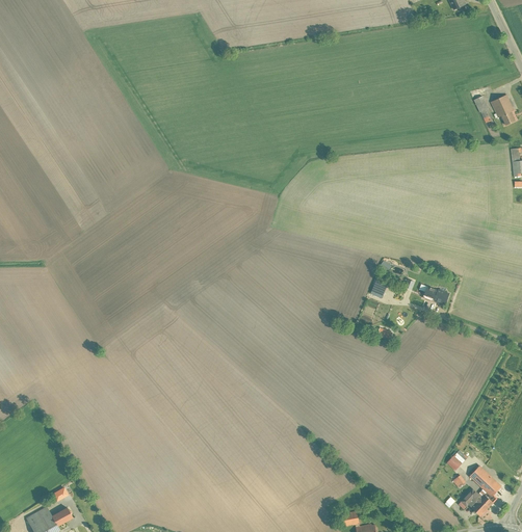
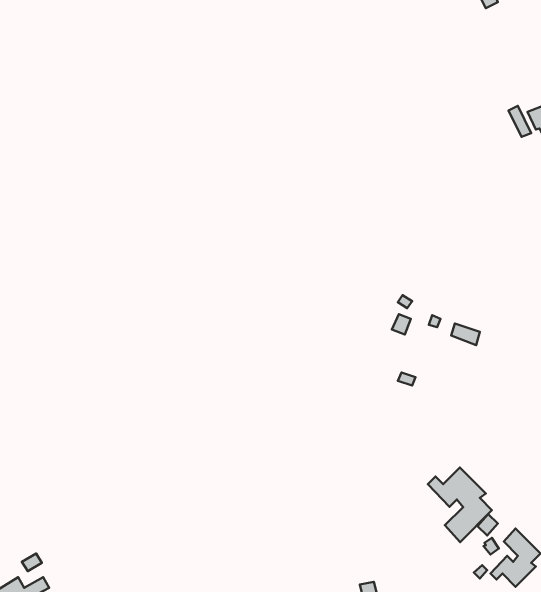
building: none -> [428,467,492,542]

